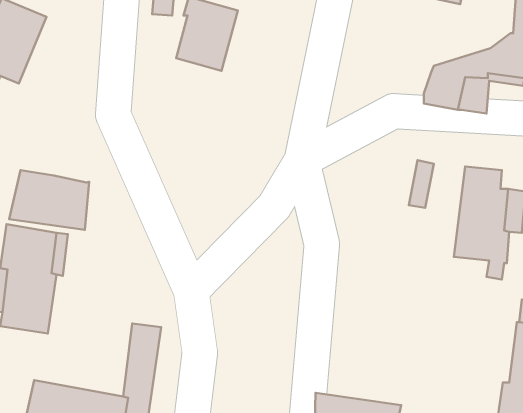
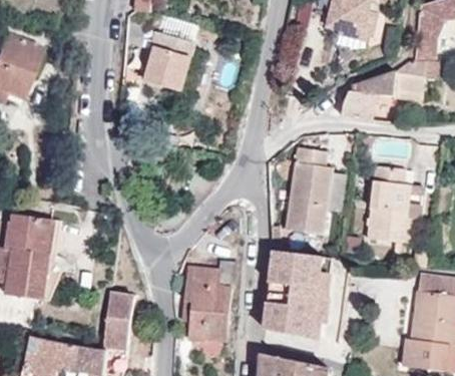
building: none -> [286,147,333,235]
building: [9,170,89,230] -> none
building: none -> [264,251,330,341]
building: none -> [184,262,238,343]

